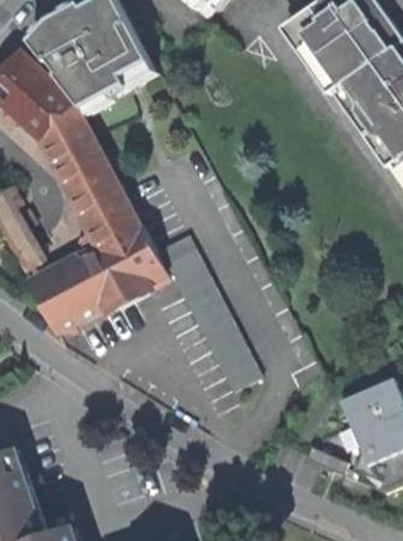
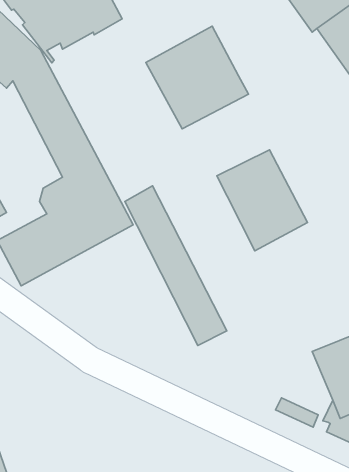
building: none -> [146,26,249,129]
building: none -> [217,150,308,251]

